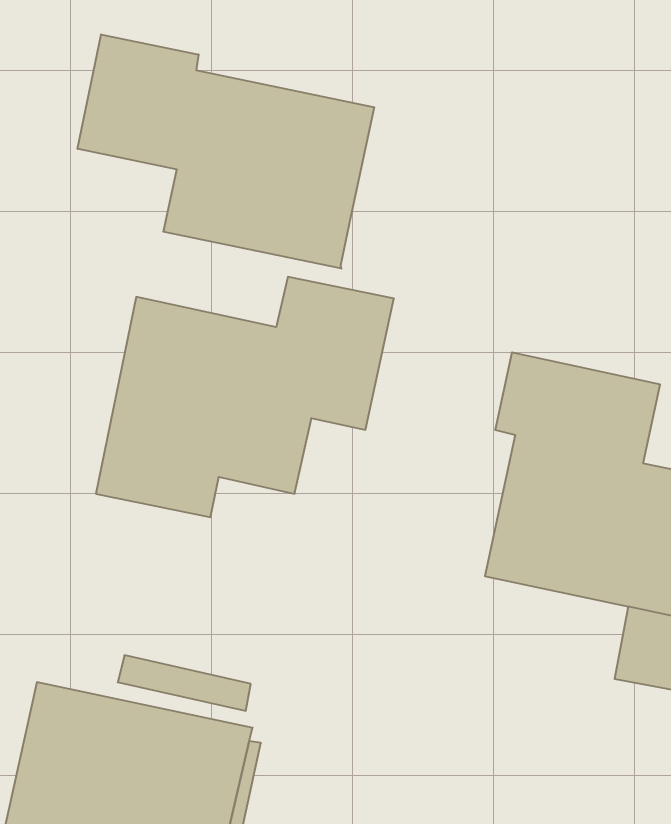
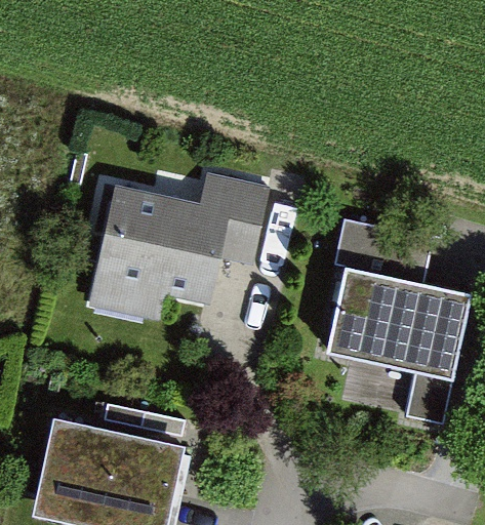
building: [78,34,374,269] -> none

